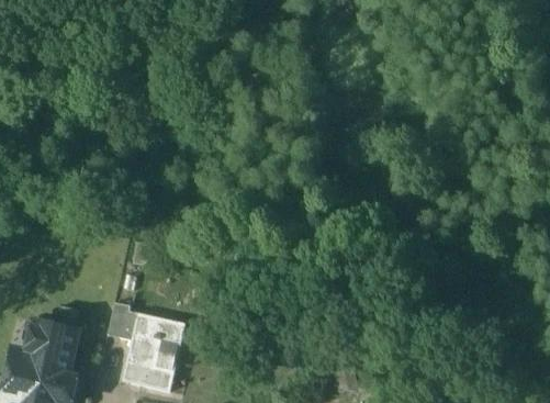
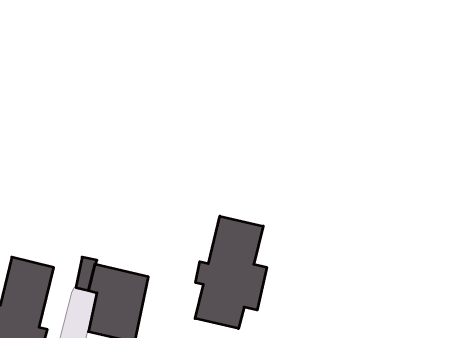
building: none -> [195,216,267,329]

